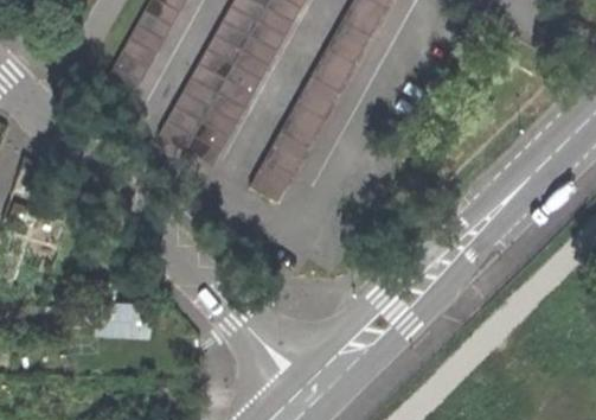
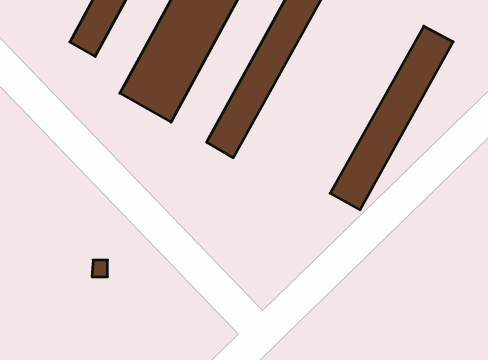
building: none -> [330,26,453,210]

